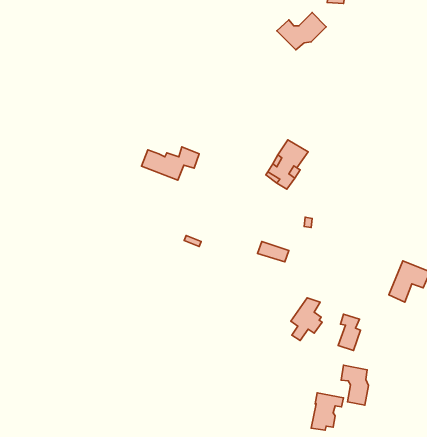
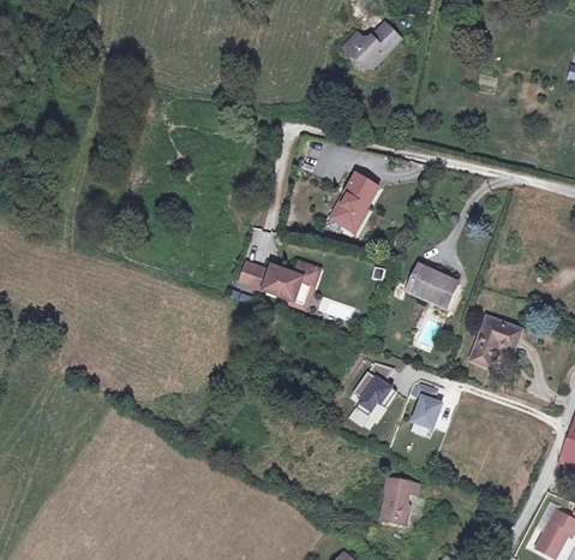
building: [142,147,199,180] -> [250,255,318,294]
building: none -> [407,266,455,308]
building: [341,365,368,405] -> none

